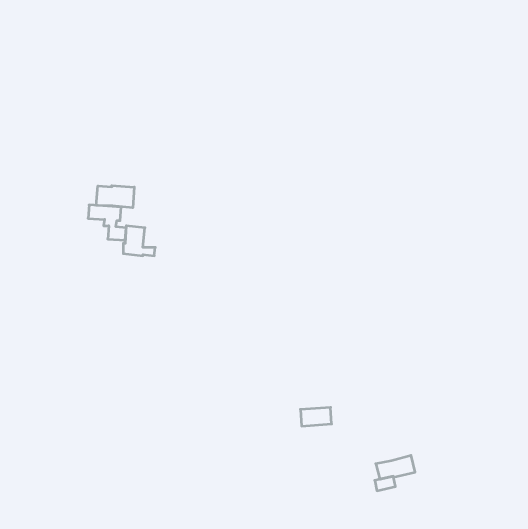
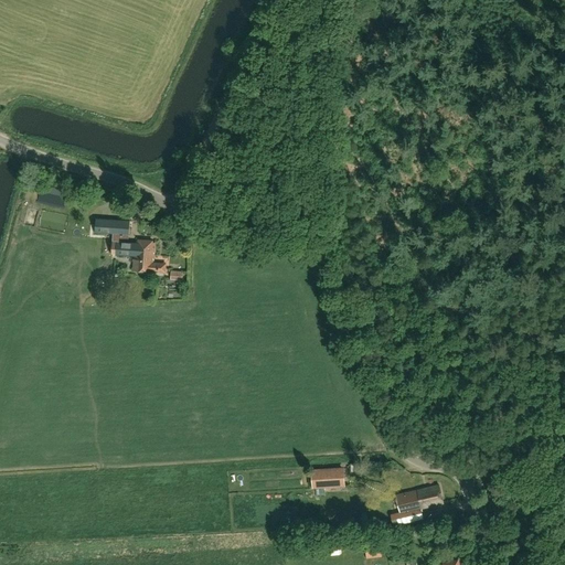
building: [96,186,134,208] -> none
building: [300,407,332,426] -> [310,468,343,488]

